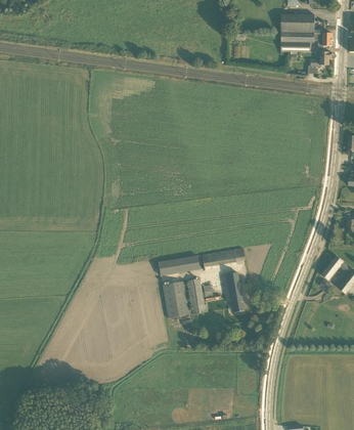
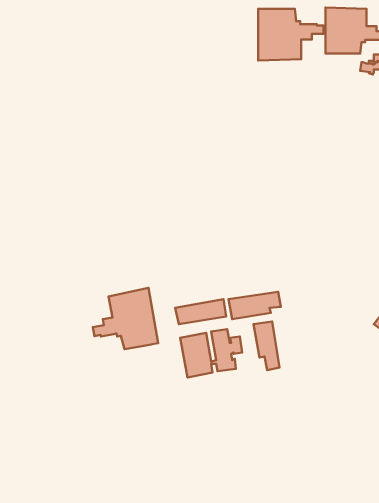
building: none -> [258,9,323,60]
building: none -> [93,288,158,349]

